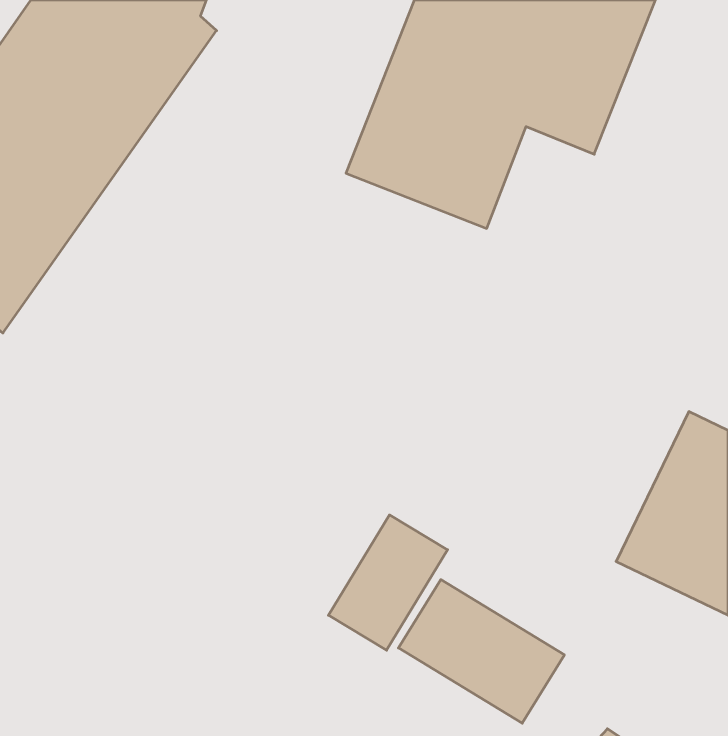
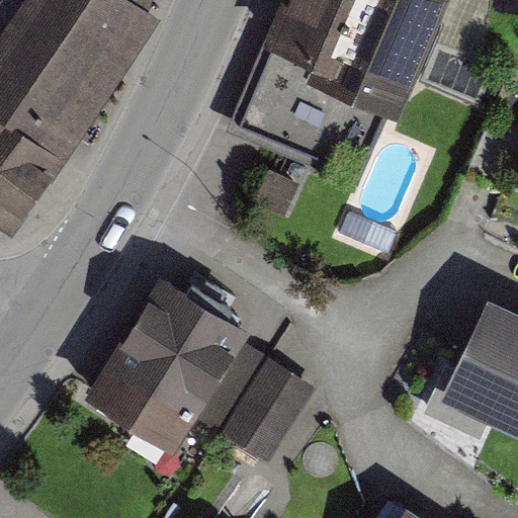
building: none -> [103,283,251,443]
building: [398,580,564,723] -> none

